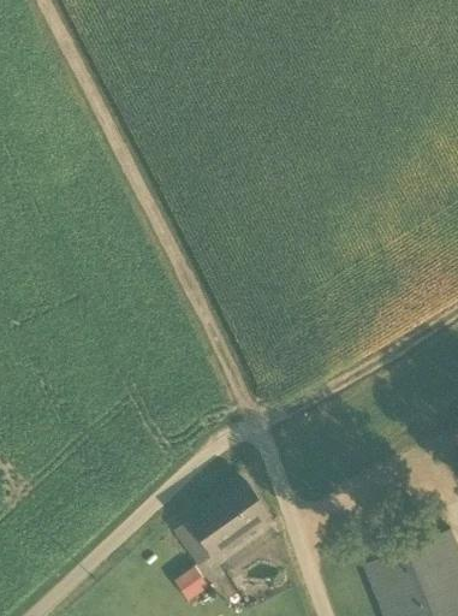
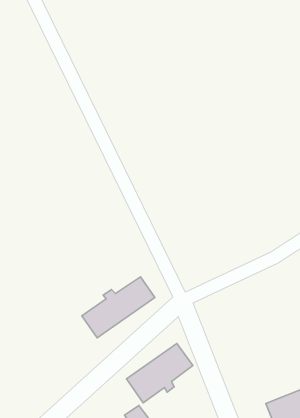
building: none -> [82,277,155,338]

